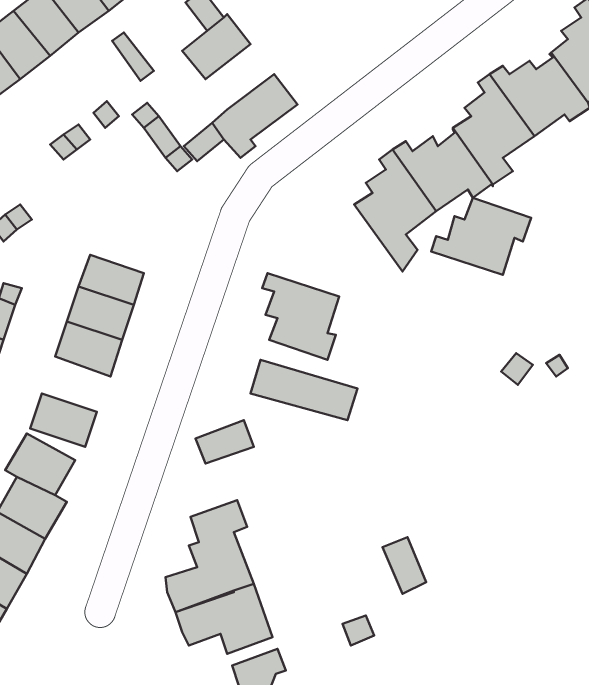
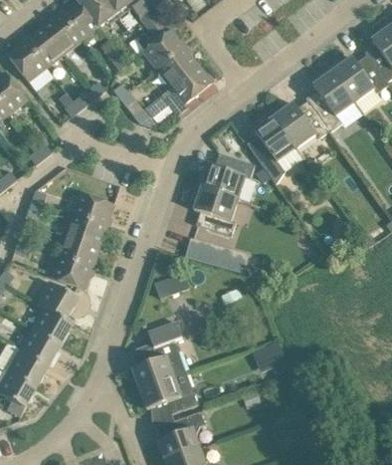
building: none -> [158,47,199,86]
building: [431,198,531,275] -> [195,153,255,199]
building: none -> [59,235,101,268]

